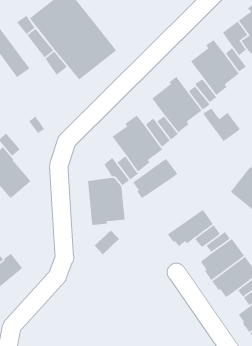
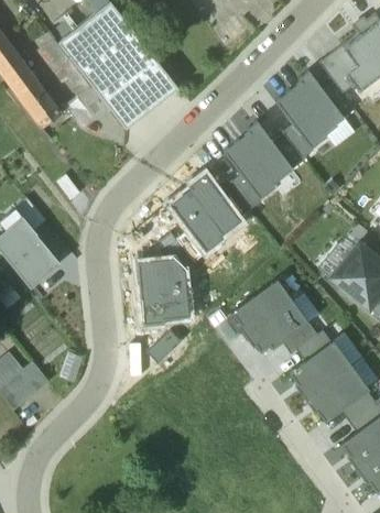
building: [202,107,241,142] -> none
building: [132,158,178,199] -> [231,280,294,336]

